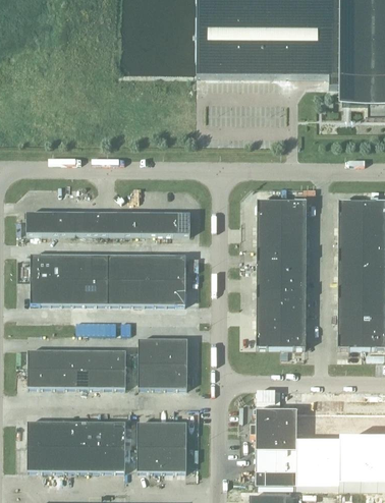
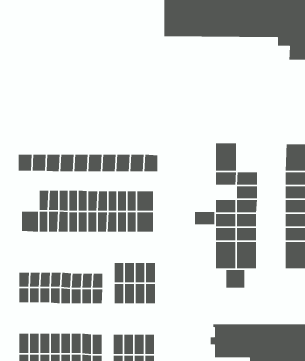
building: [282,199,307,232] -> none
building: [257,248,281,265] -> [194,211,215,225]
building: [31,254,51,278] -> none
building: none -> [225,269,245,288]

